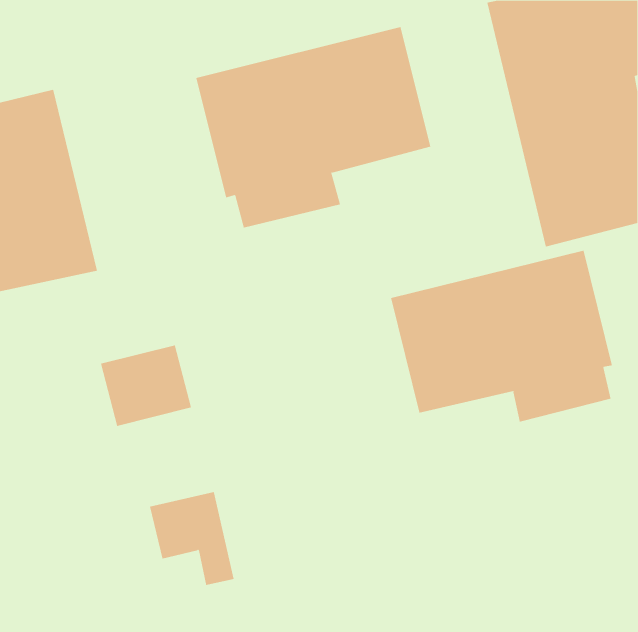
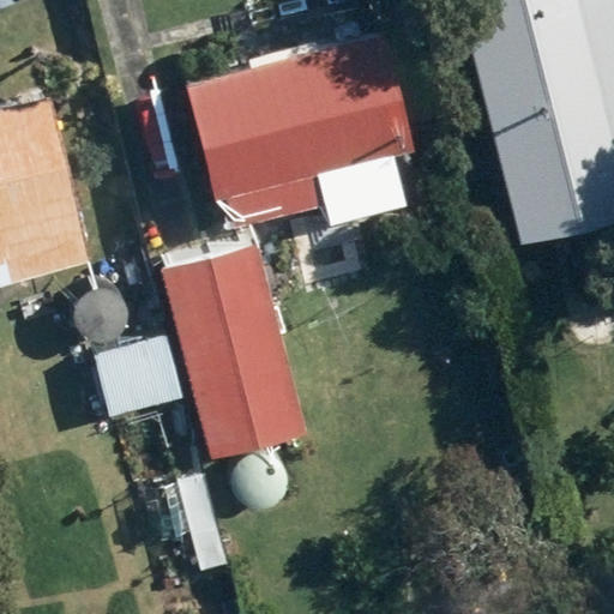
building: none -> [163,247,307,459]
building: [391,250,612,422] -> none

